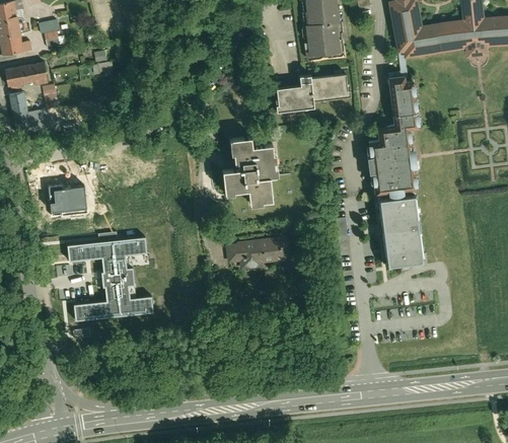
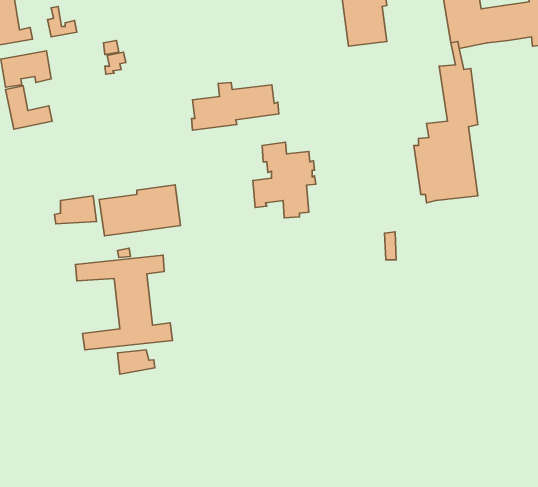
building: [274,73,350,115] -> [191,82,279,130]
building: none -> [99,185,181,236]
building: [382,187,427,261] -> none
building: [227,235,293,270] -> none
building: none -> [118,350,155,374]

